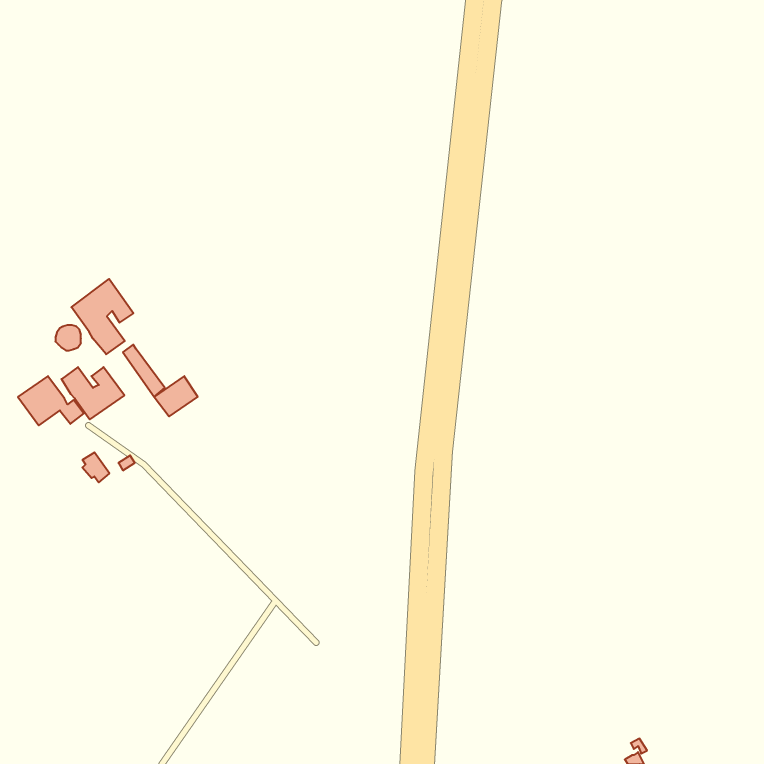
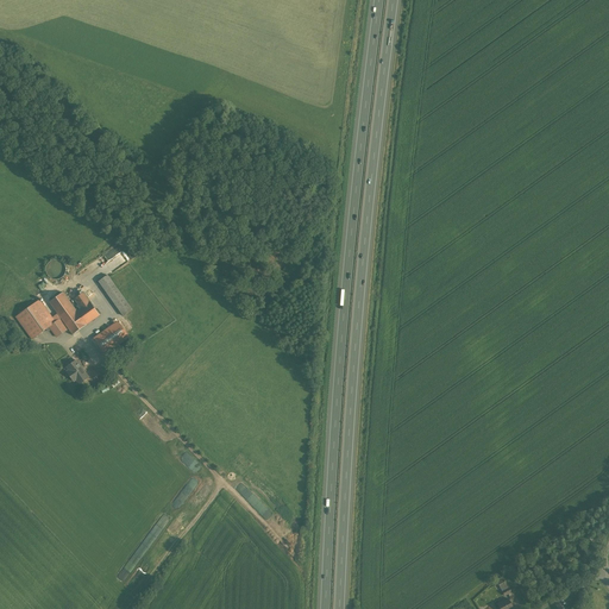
building: [71,279,133,354] -> none
building: [154,376,198,416] -> [93,320,127,352]

